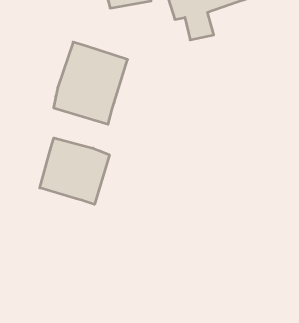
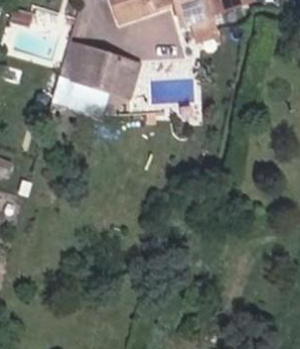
building: [40,138,109,204] -> none

